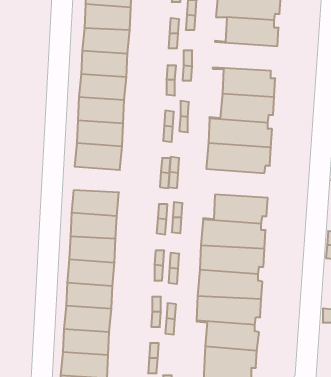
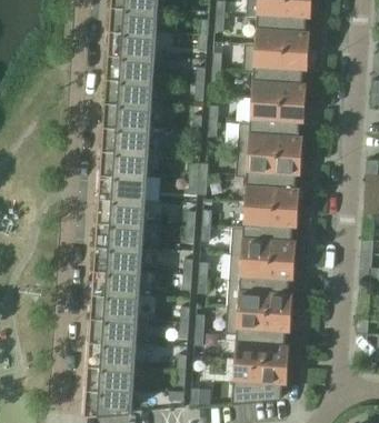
building: none -> [243,44,310,74]
building: none -> [100,173,148,200]
building: none -> [237,175,301,205]

